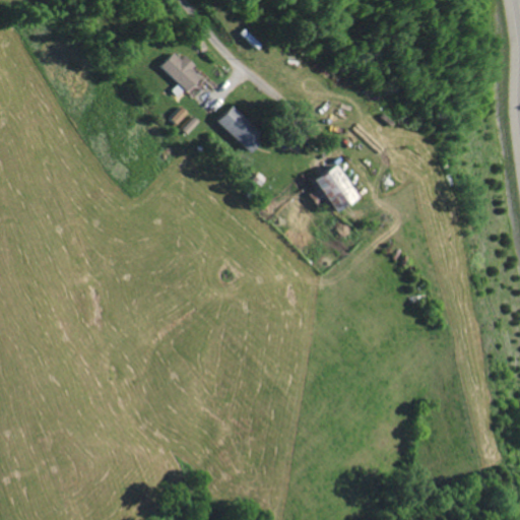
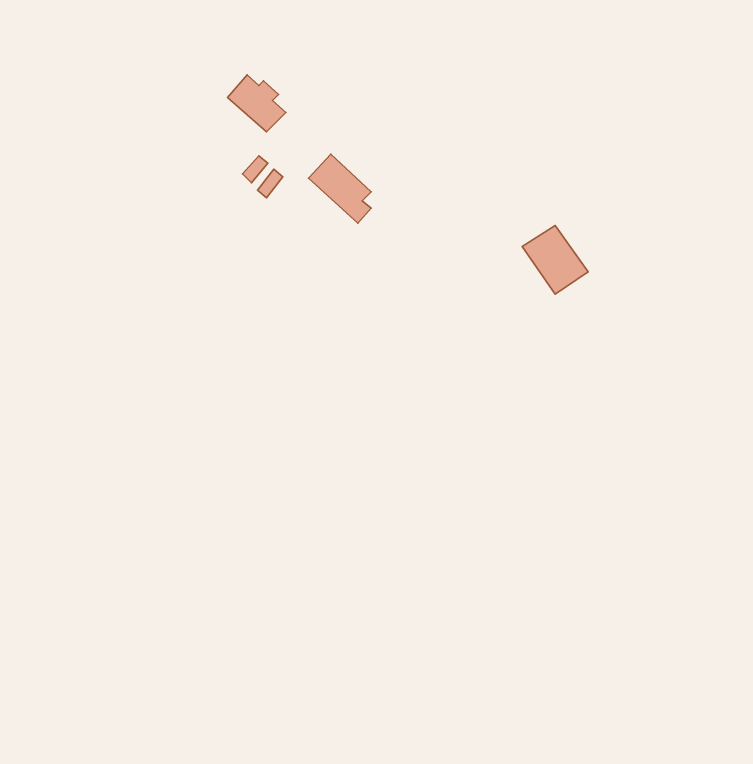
building: [311,166,355,212] -> [522,225,588,294]

